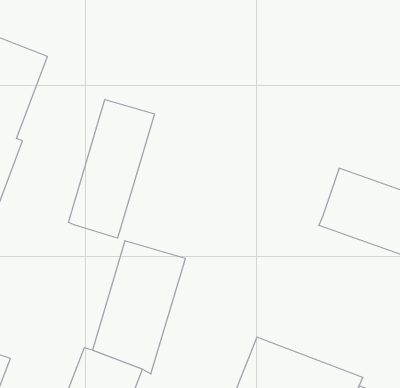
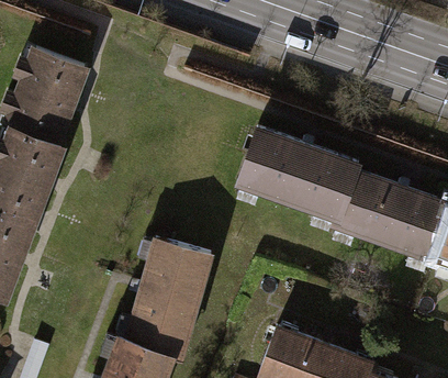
building: [69,99,155,238] -> none
building: none -> [239,130,357,218]

